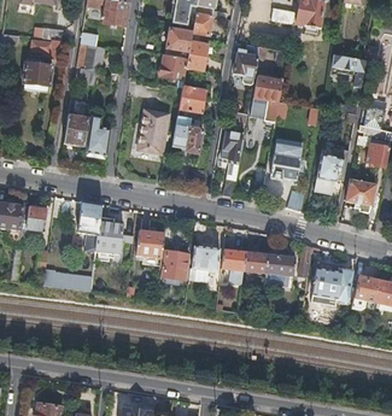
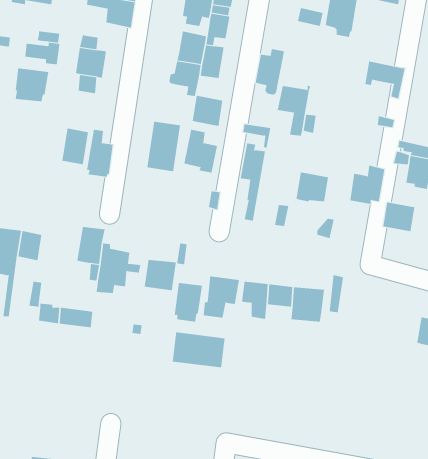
building: [312,266,343,298] -> none
building: [352,275,380,309] -> none
building: none -> [172,332,225,368]

